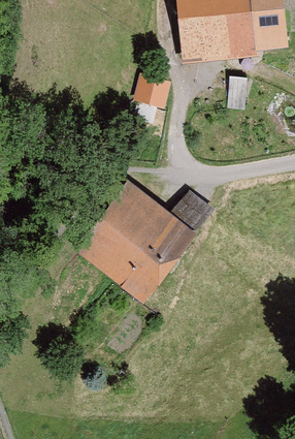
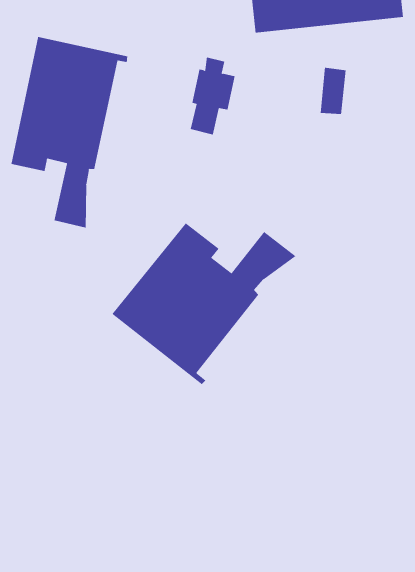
building: none -> [11,36,128,228]

